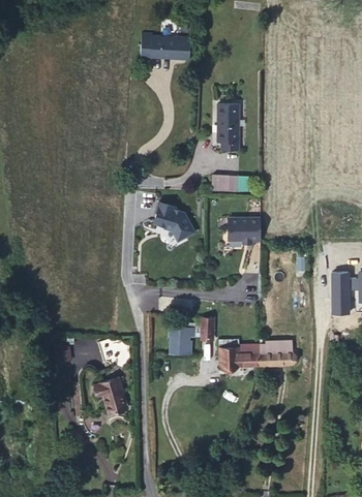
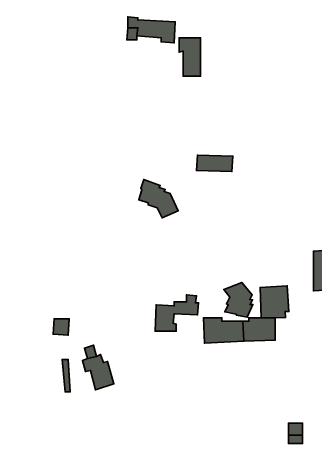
building: [217,103,239,143] -> [179,38,200,76]
building: [228,217,260,243] -> none
building: none -> [224,283,253,317]
building: none -> [260,286,289,318]

